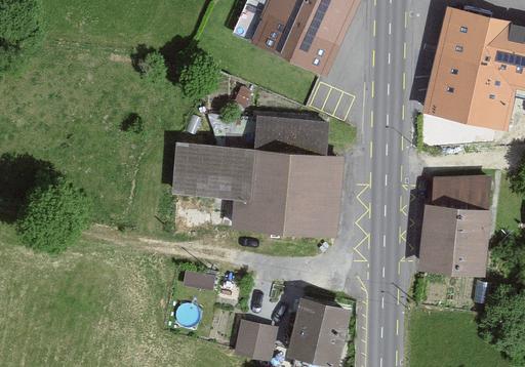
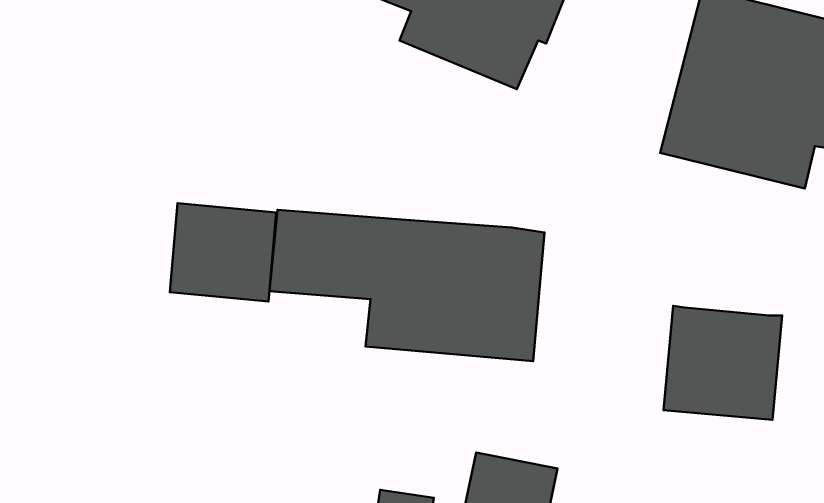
building: [253,117,326,155] -> none
building: none -> [170,203,276,301]
building: [432,174,486,210] -> none

